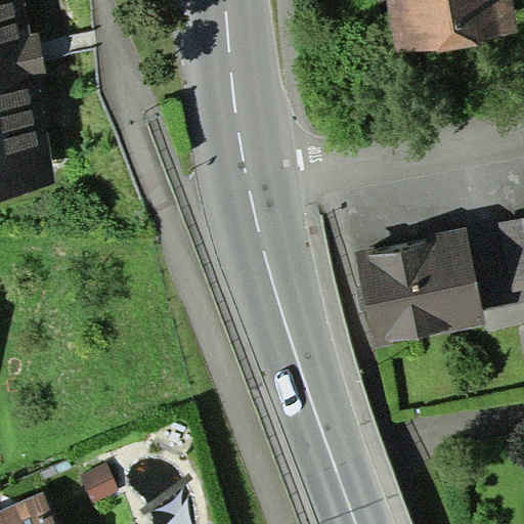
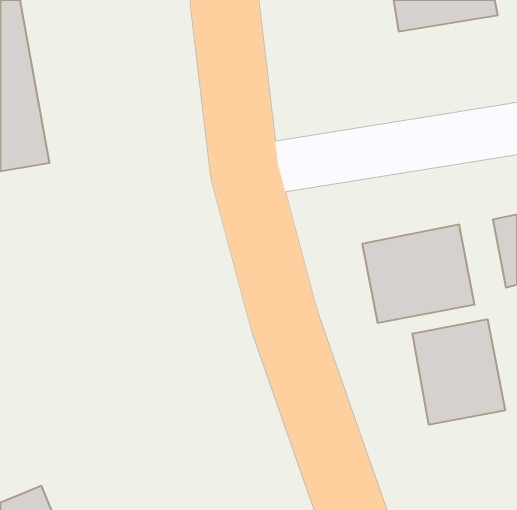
building: none -> [412,319,505,425]

